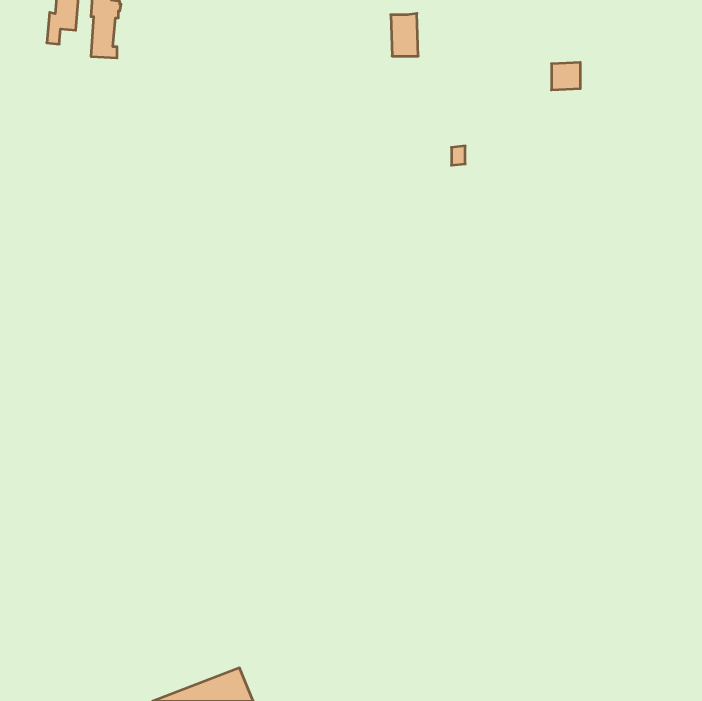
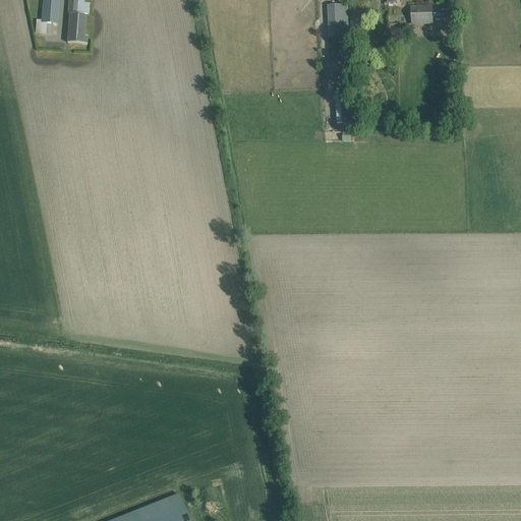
building: [391,13,418,56] -> [328,4,348,36]
building: [551,62,580,90] -> [410,4,431,24]

